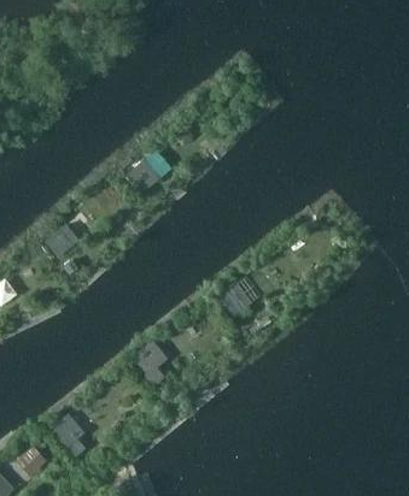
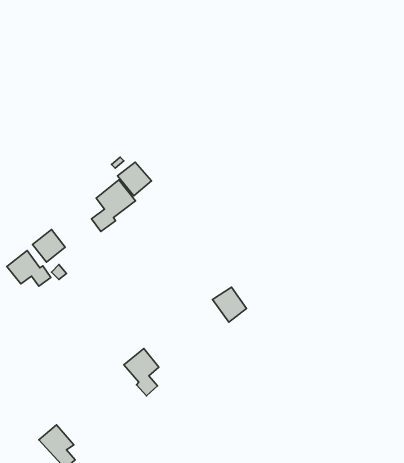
building: none -> [92,180,136,232]
building: none -> [7,251,51,286]

